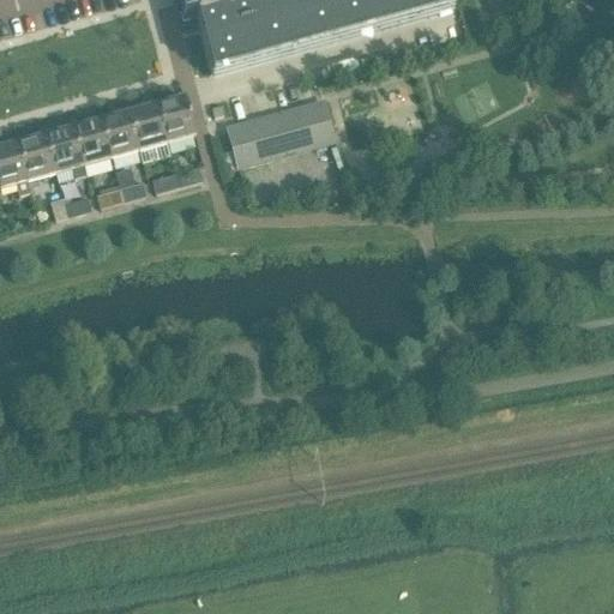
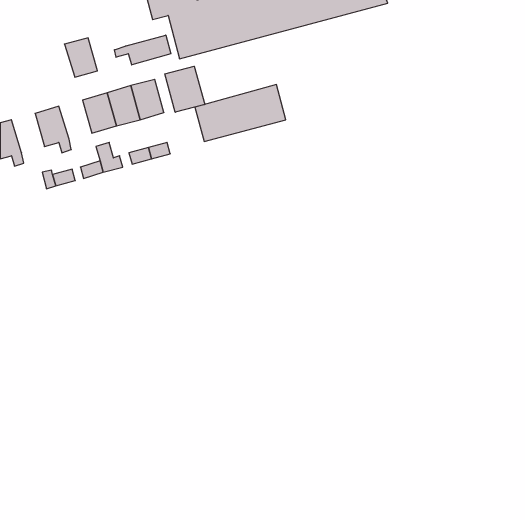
building: none -> [114,35,171,65]
building: none -> [165,66,205,112]
building: [71,116,109,162] -> [64,38,97,77]
building: [14,130,54,177] -> none

